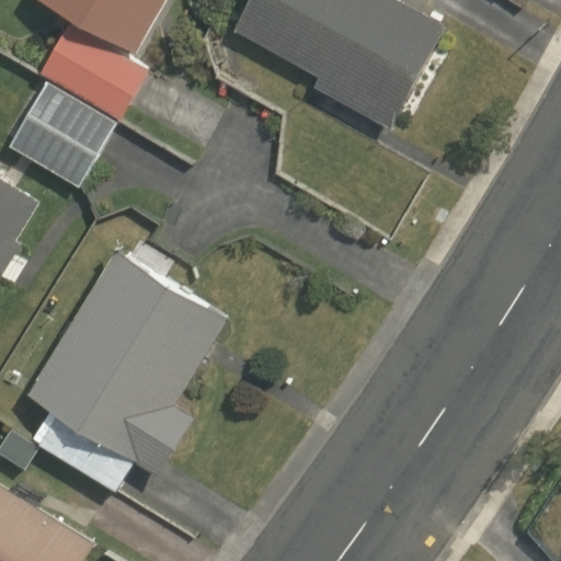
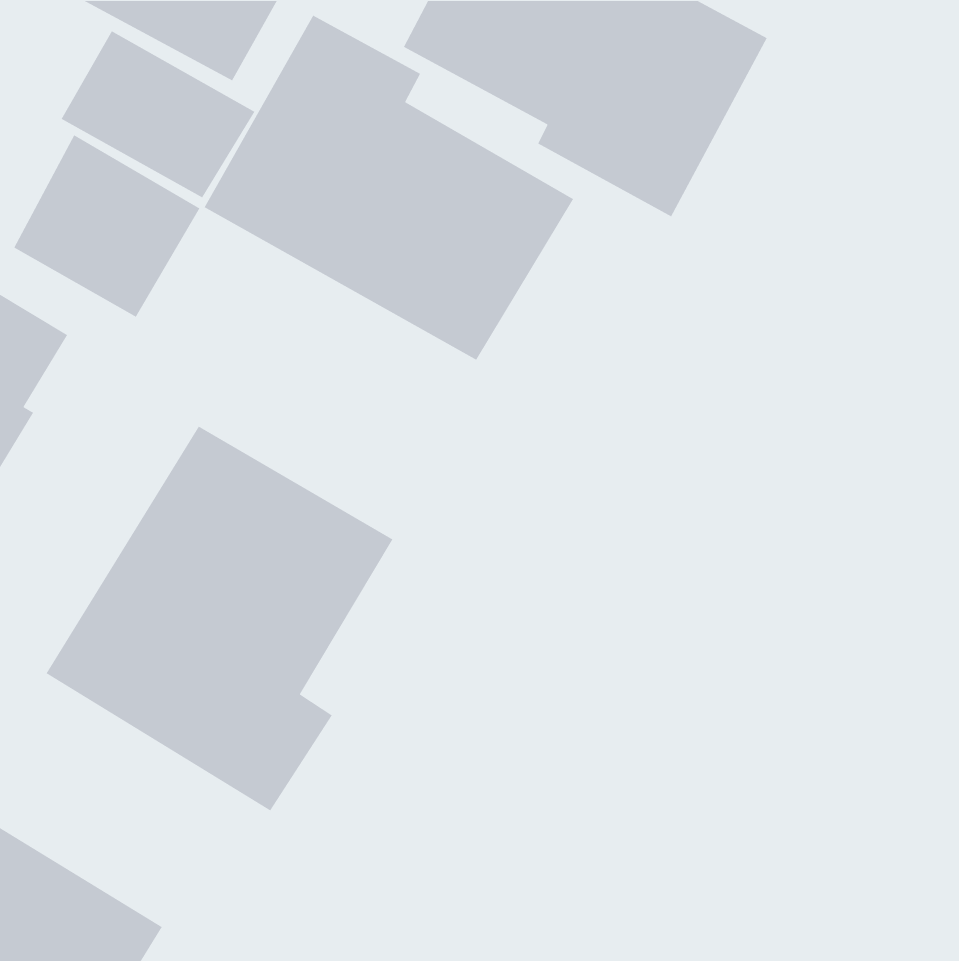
building: none -> [204,15,574,361]

